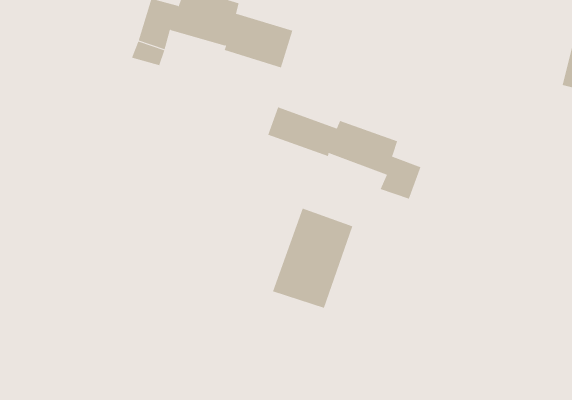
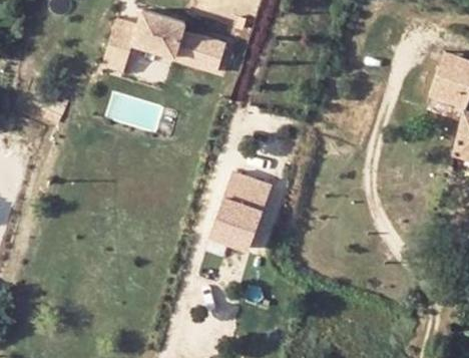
building: [267,106,421,200] -> none

